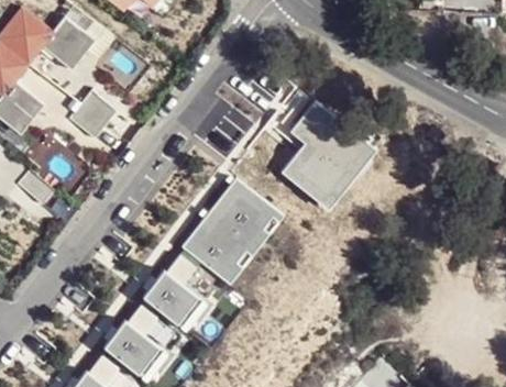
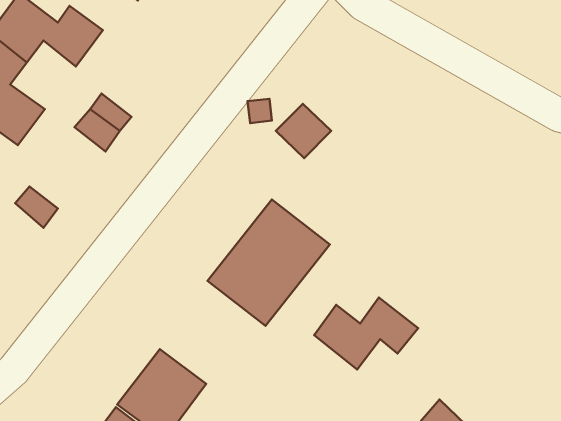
building: [280,97,376,214] -> none
building: [142,254,218,332] -> none
building: none -> [314,297,418,369]

